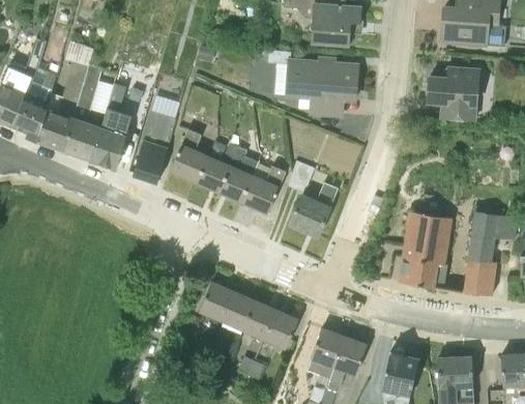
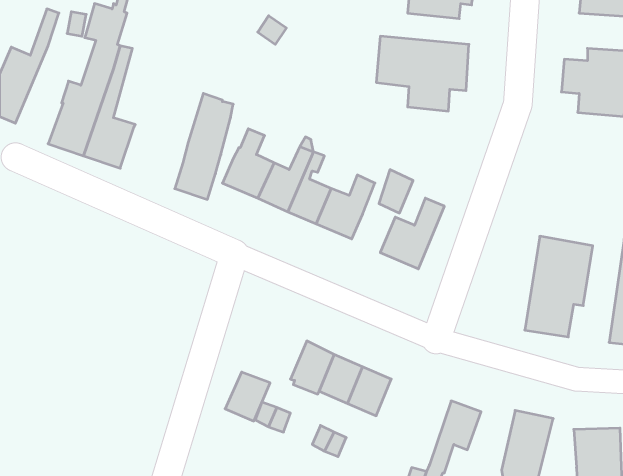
building: [12,65,57,140] -> none
building: [91,76,132,168] -> none
building: [200,282,234,319] -> [225,372,270,421]
building: [308,327,344,384] -> none

